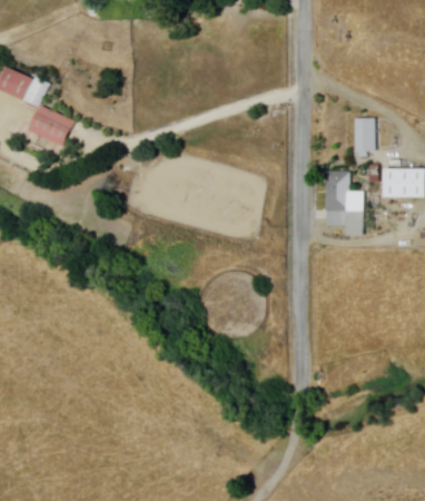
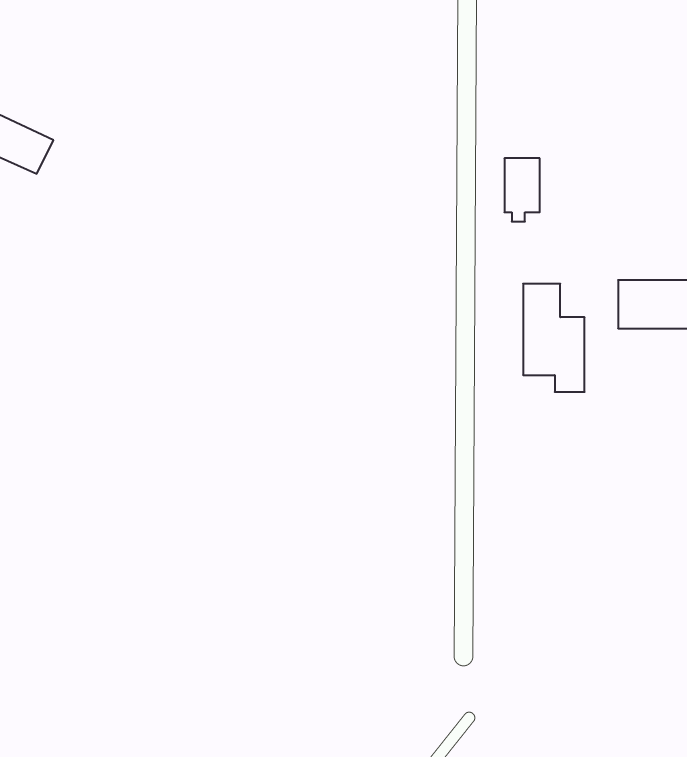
building: [26,105,71,145] -> none
building: [353,118,374,156] -> [504,158,540,222]

